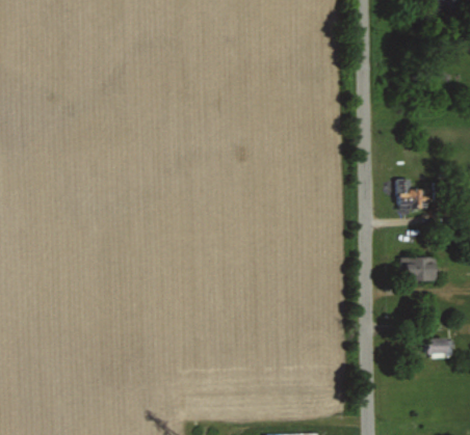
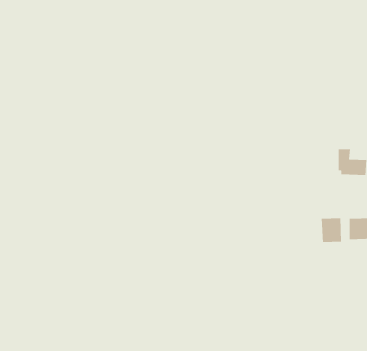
building: none -> [321,217,342,243]

